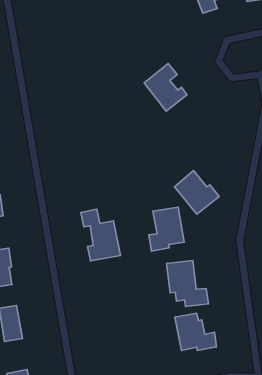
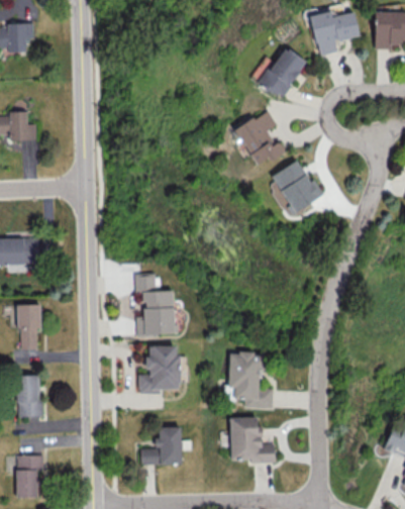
building: none -> [260,46,307,99]
building: [174,171,219,214] -> [272,160,324,213]
building: [149,207,184,251] -> [138,346,180,395]
building: none -> [140,427,182,466]

